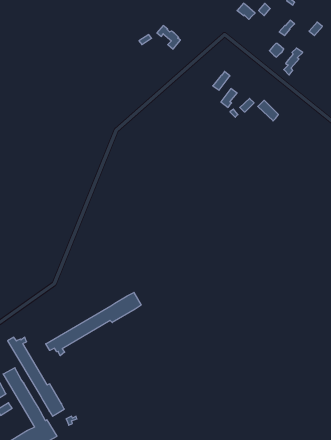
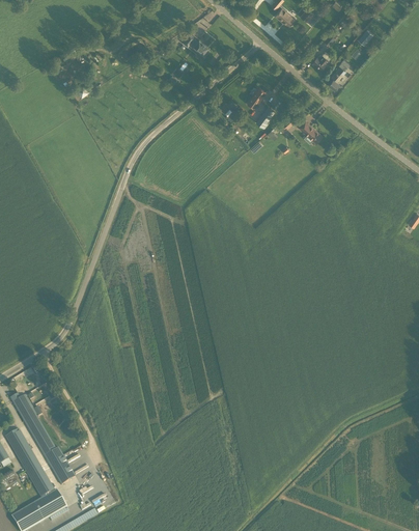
building: [46,292,141,356] -> none

